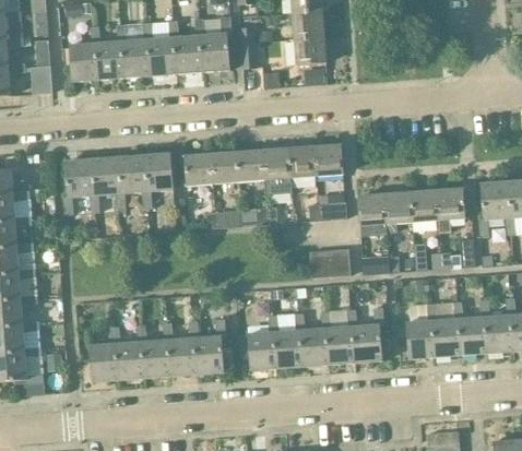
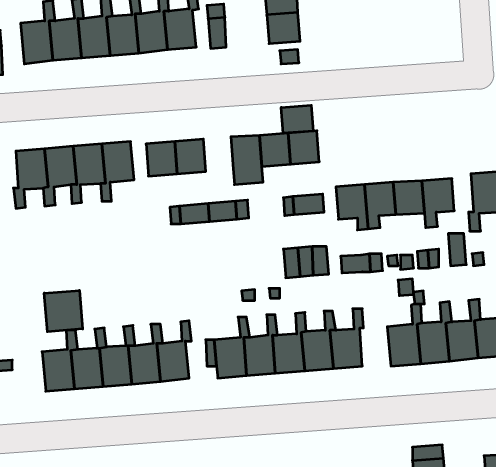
building: none -> [281,105,313,133]
building: [236,149,263,180] -> none
building: none -> [44,290,83,332]

